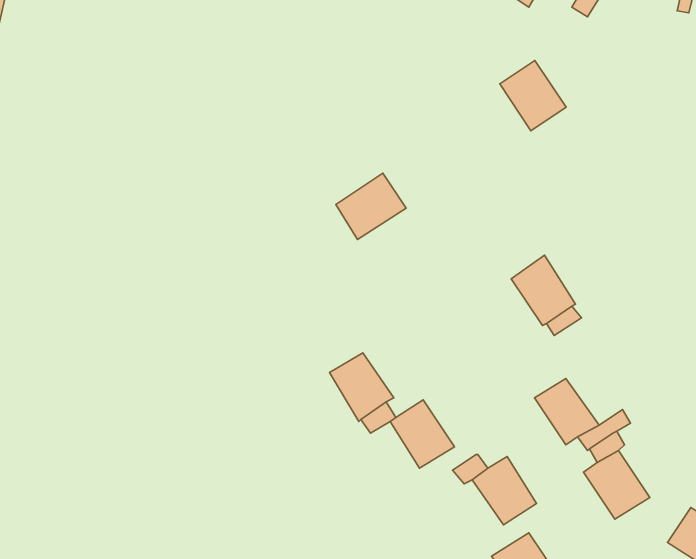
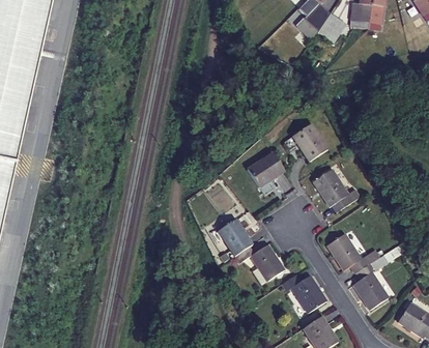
building: [500,60,566,131] -> [293,124,328,162]
building: [336,173,406,240] -> [249,152,286,187]

